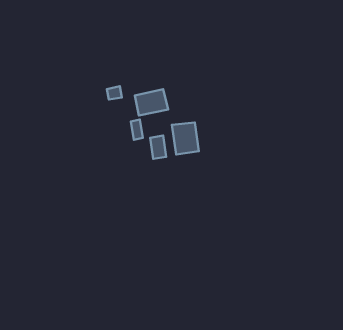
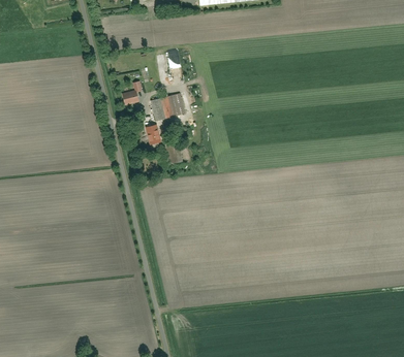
building: [172,122,199,154] -> none

